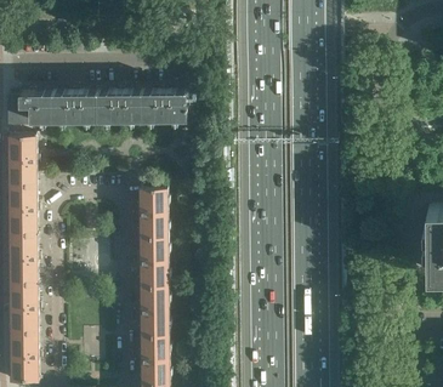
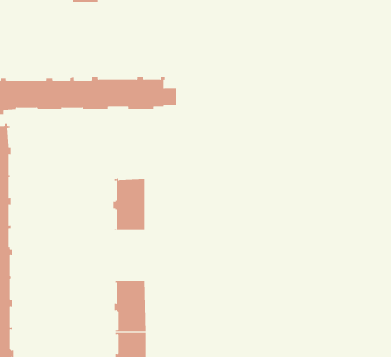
building: [137,238,167,286] -> none

